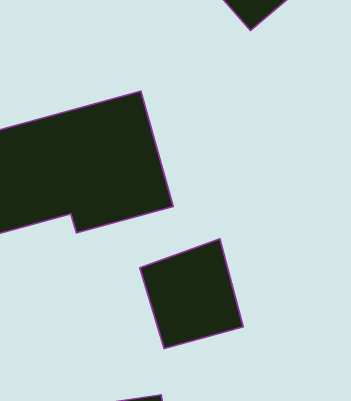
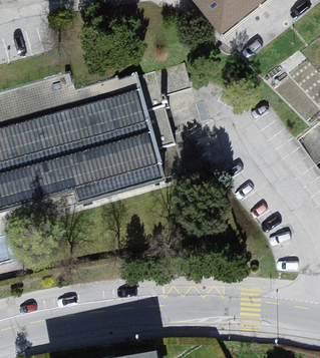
building: [140,239,243,348] -> none

